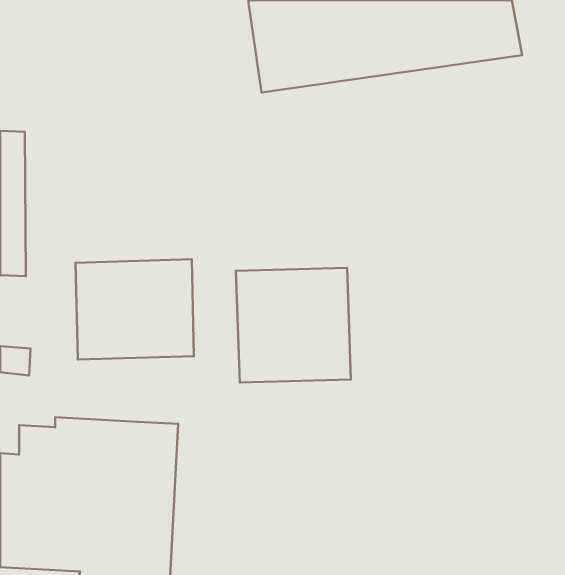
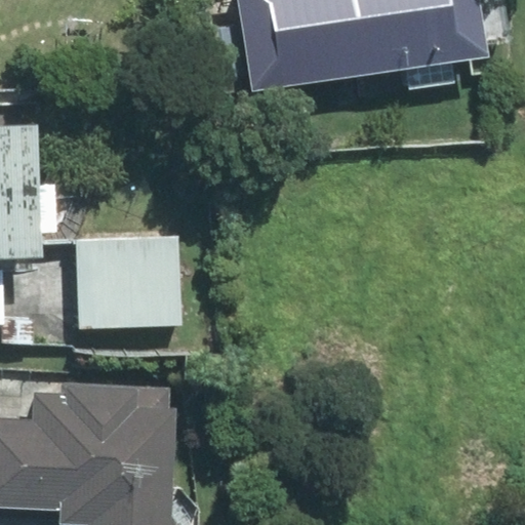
building: [236,268,351,383] -> none

